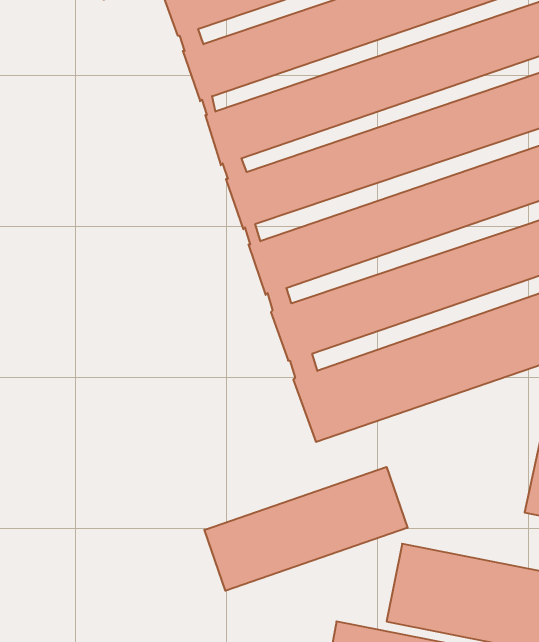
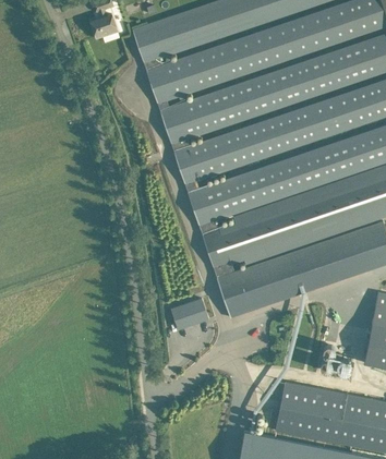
building: none -> [171,298,209,329]
building: [204,467,408,591] -> none

